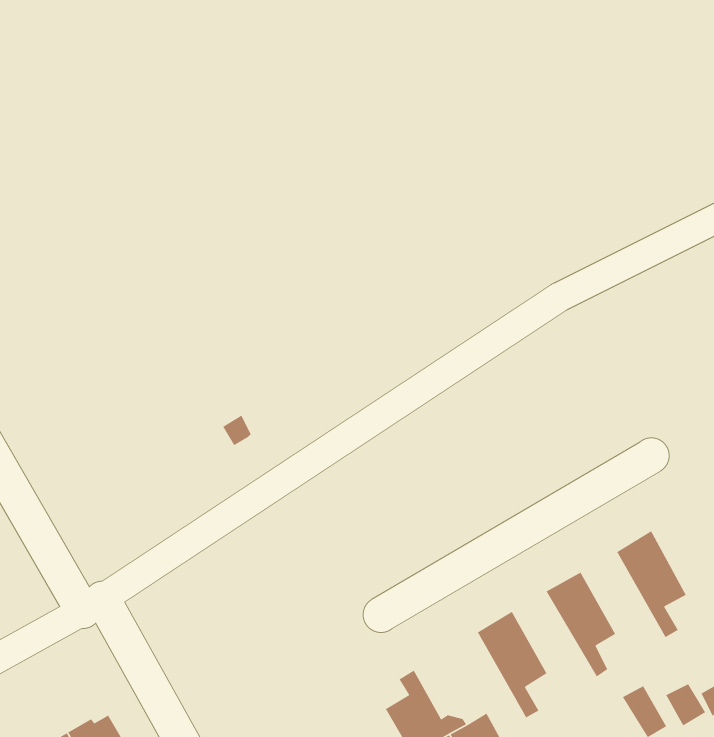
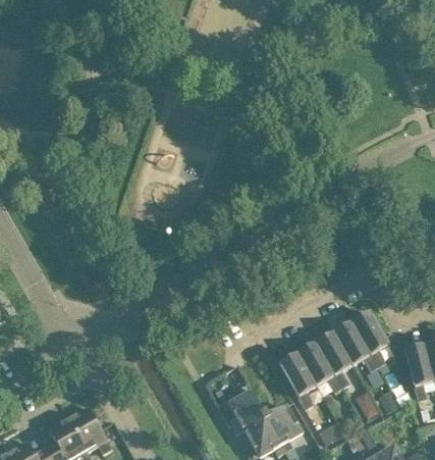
building: none -> [332,322,376,370]
building: none -> [296,343,340,392]

